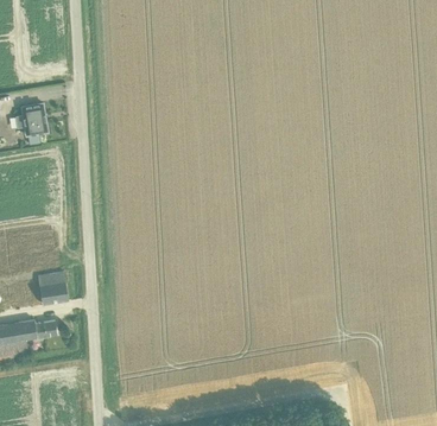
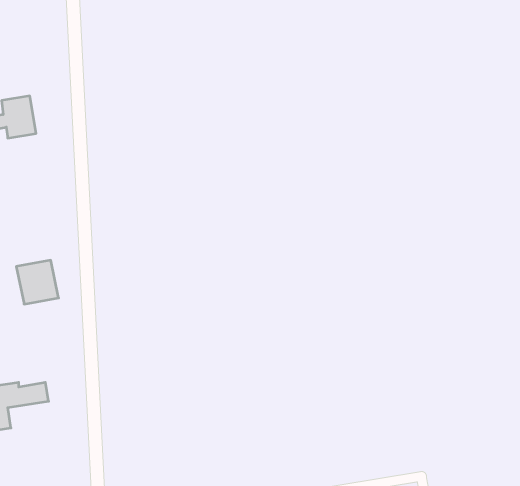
building: [37,272,69,305] -> [16,260,59,304]

